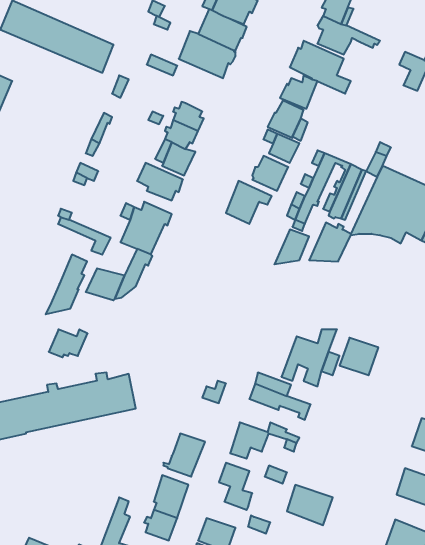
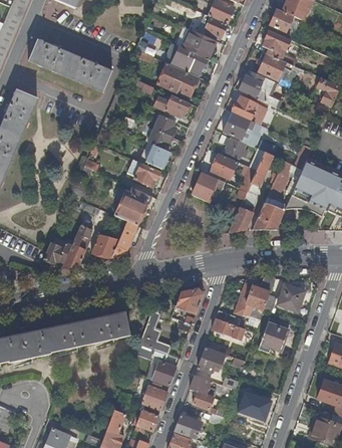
building: none -> [154,90,191,122]
building: [49,329,88,357] -> [44,242,72,262]
building: none -> [174,287,202,313]
building: none -> [136,309,168,353]
building: none -> [259,323,285,351]

